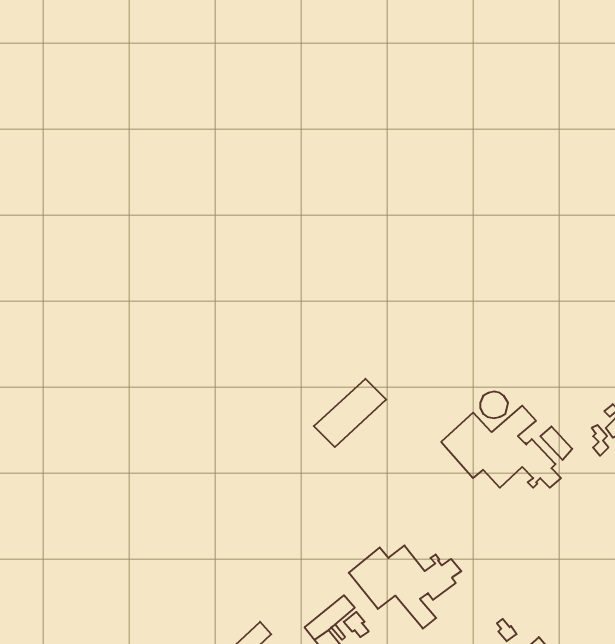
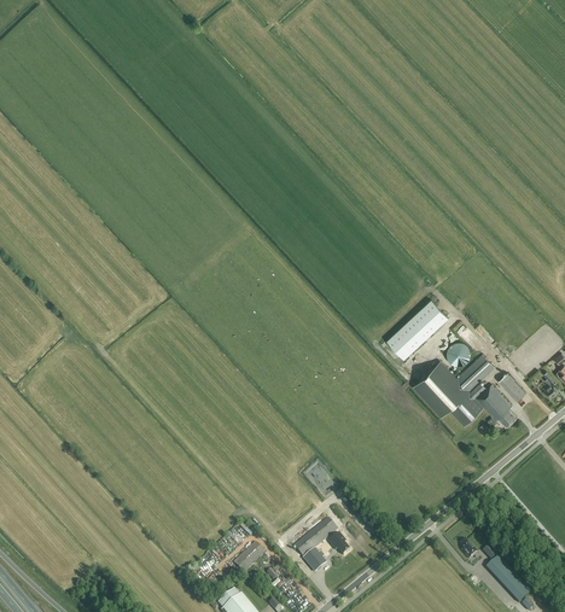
building: [314,379,386,447] -> [386,299,449,359]
building: [349,545,461,629] -> none

